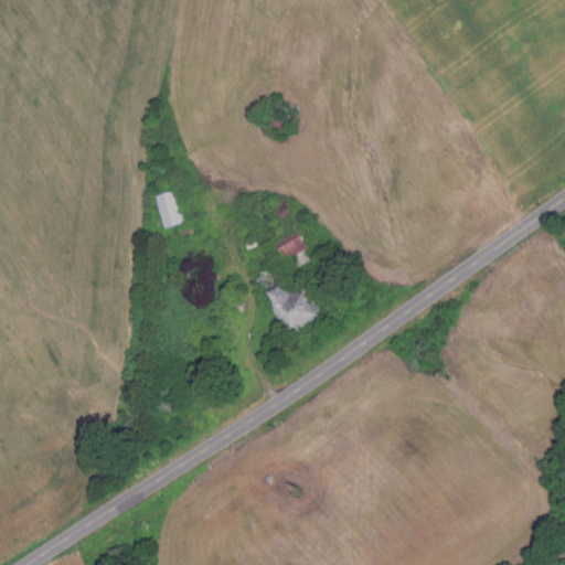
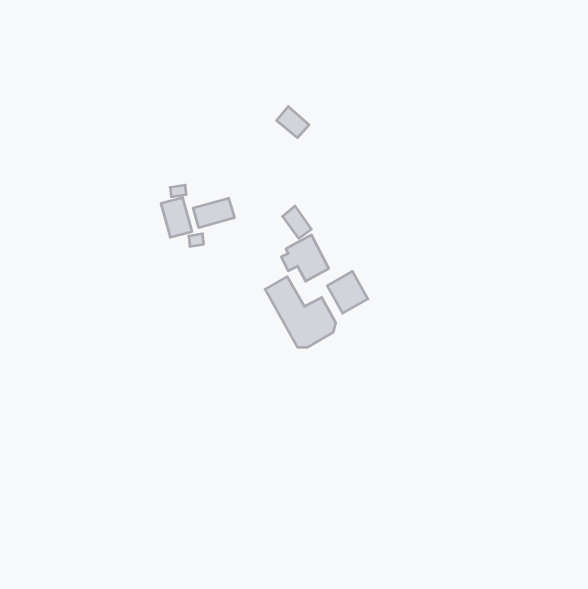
building: none -> [193,198,234,228]
building: none -> [327,271,368,313]

